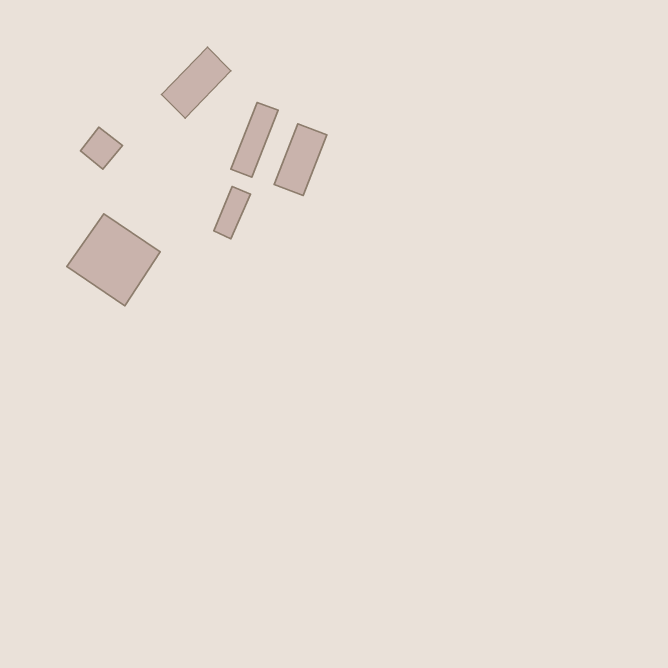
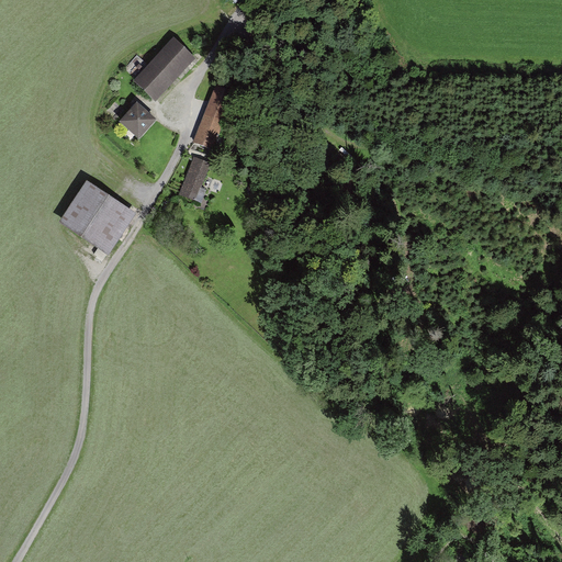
building: [274,124,327,196] -> none
building: [81,127,123,169] -> [121,104,156,139]

